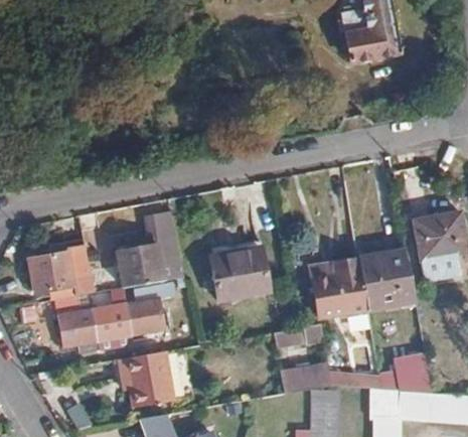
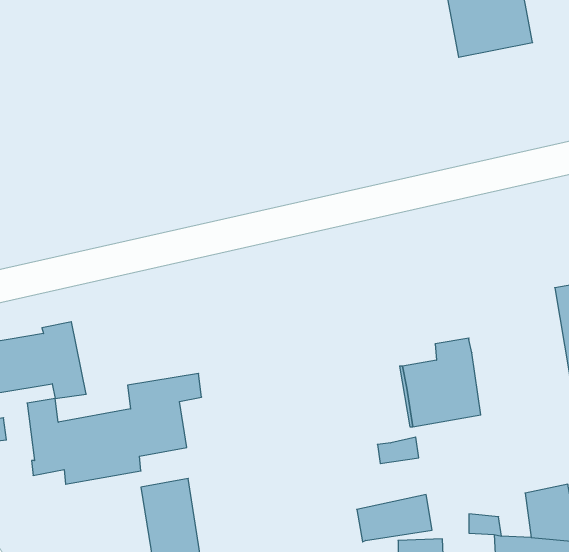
building: [118,213,183,287] -> none
building: [209,248,267,299] -> none
building: [355,252,413,307] -> none

